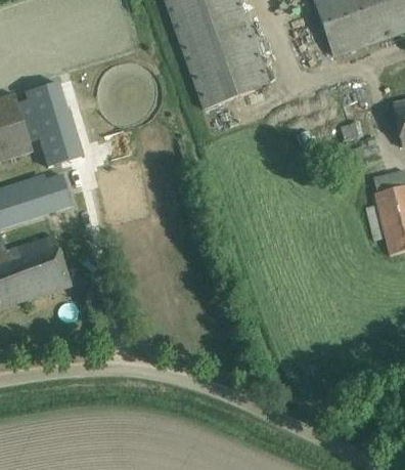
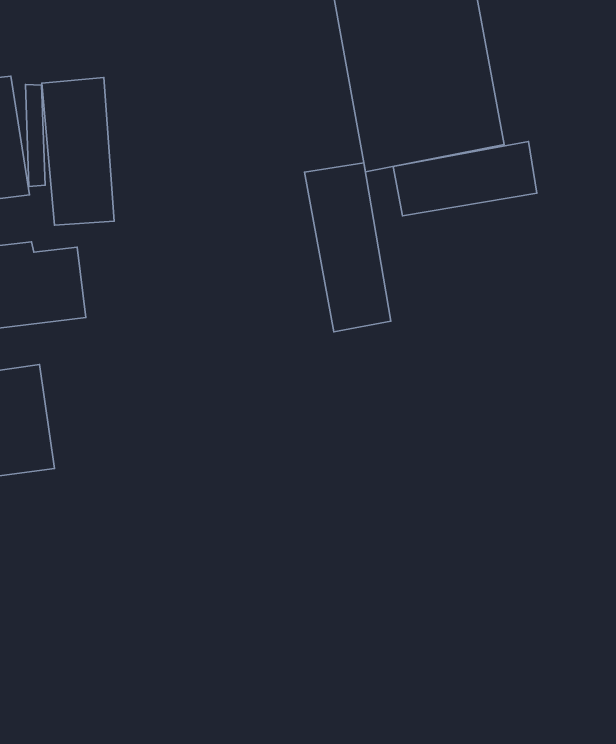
building: none -> [393,142,537,216]
building: none -> [305,163,391,332]

